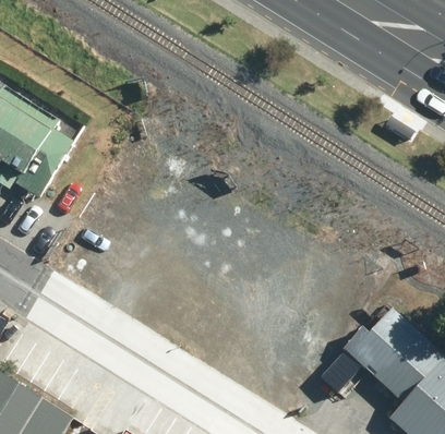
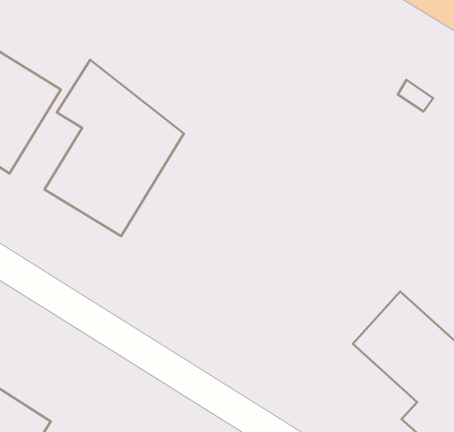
building: none -> [44,60,184,236]

